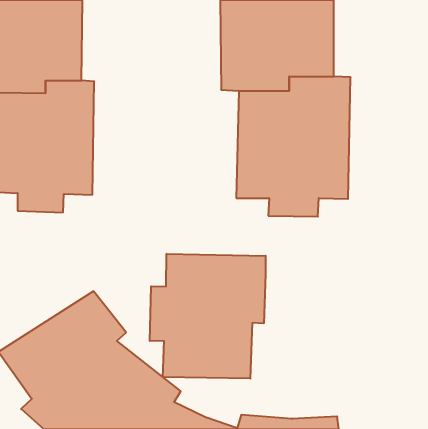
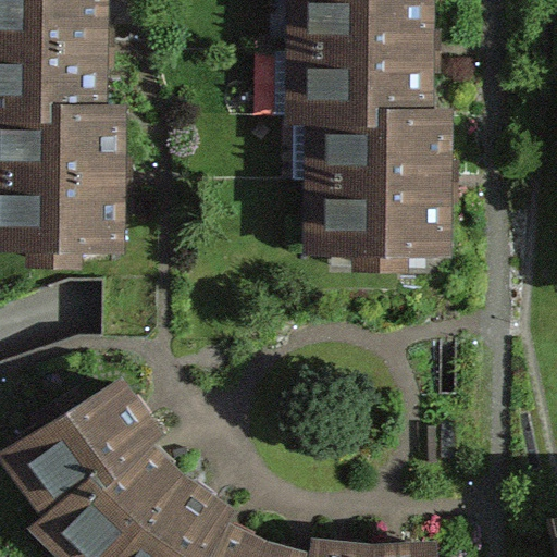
building: [150,254,266,379] -> none

